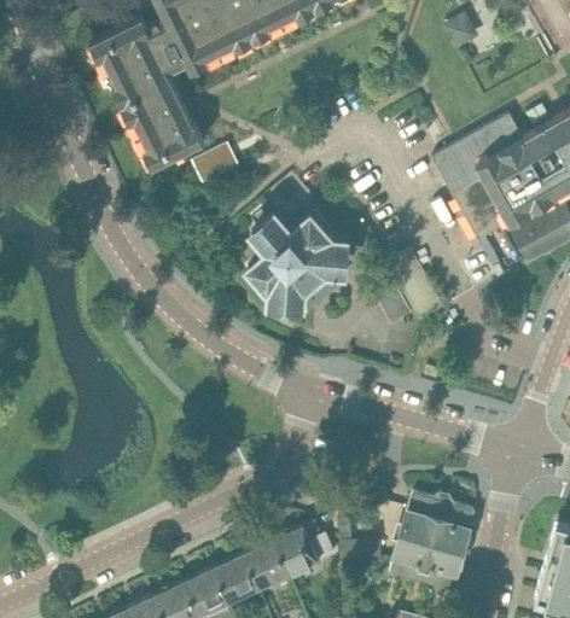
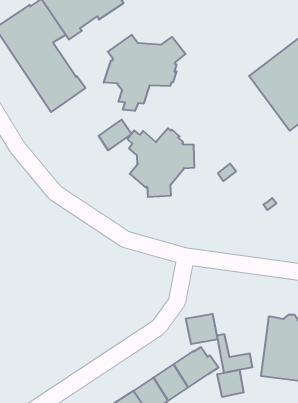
building: none -> [104,35,186,111]
building: [193,144,239,183] -> [98,120,131,150]
building: none -> [186,314,218,344]
building: none -> [217,370,243,397]

